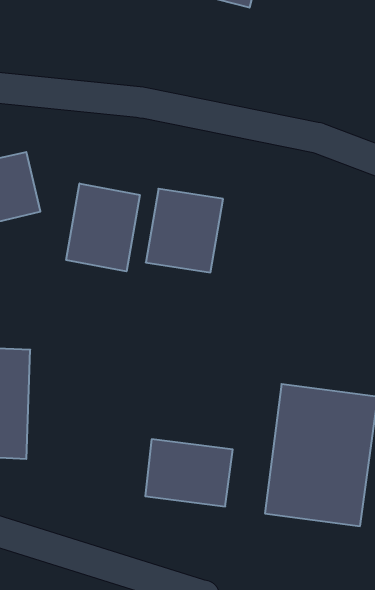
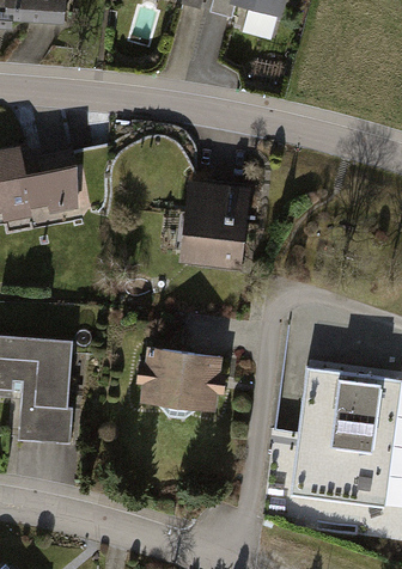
building: [66,183,140,271] -> none
building: [145,439,233,506] -> [139,344,221,408]

